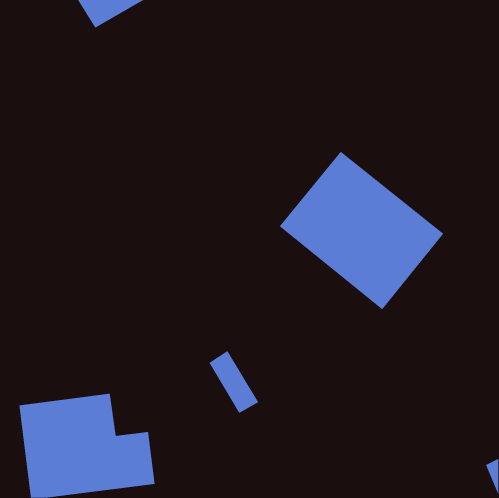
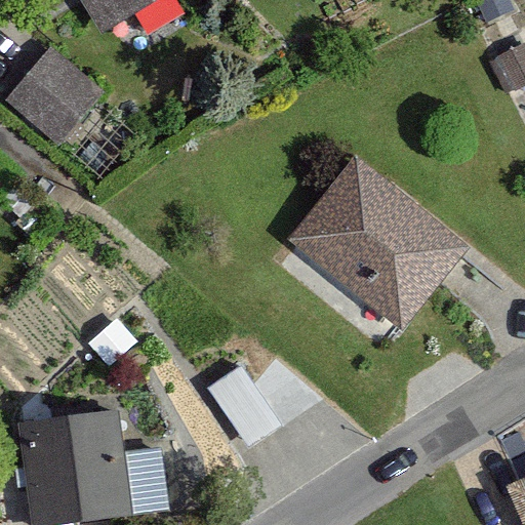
building: none -> [8,50,99,142]

